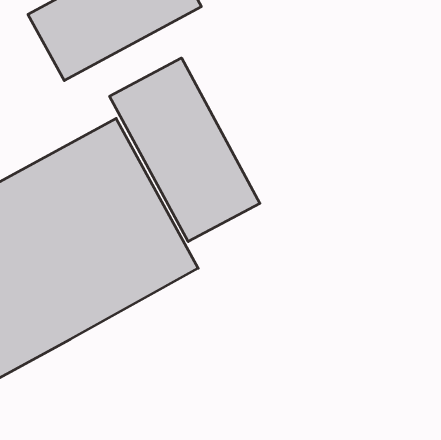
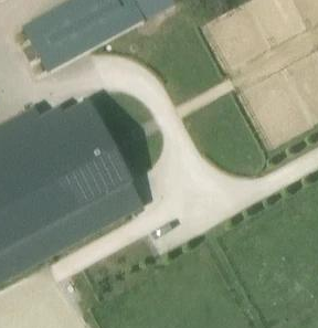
building: [110,58,260,242] -> none

